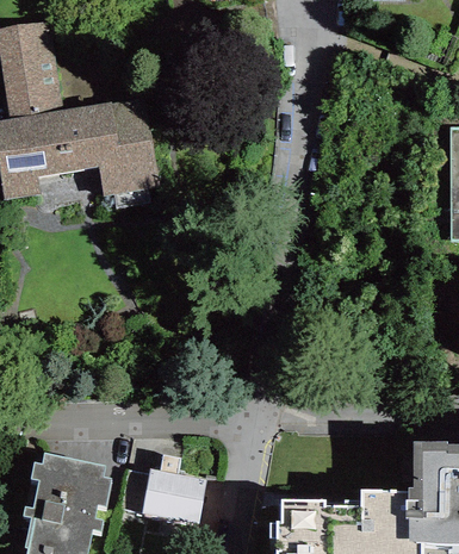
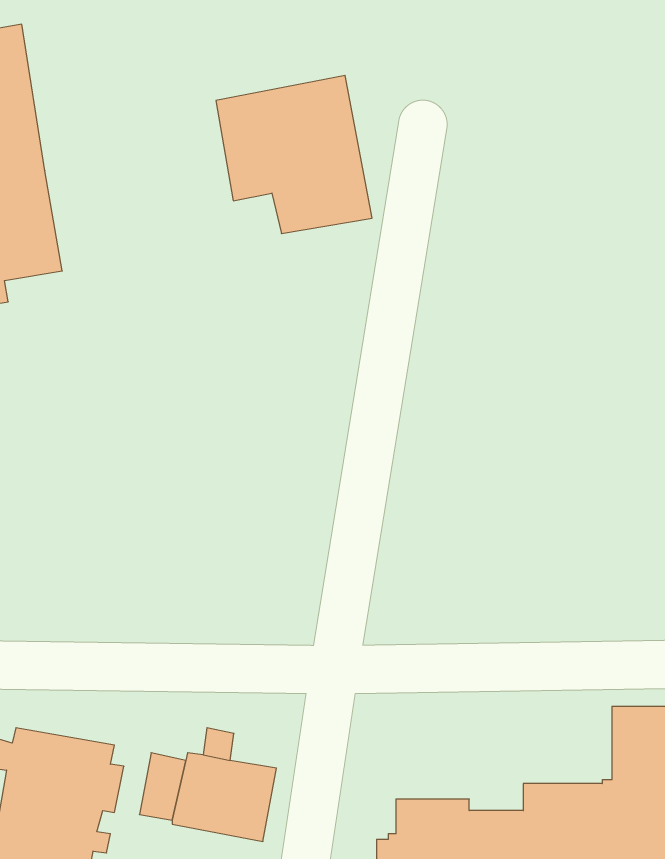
building: [63,95,160,193] -> [216,75,372,234]

